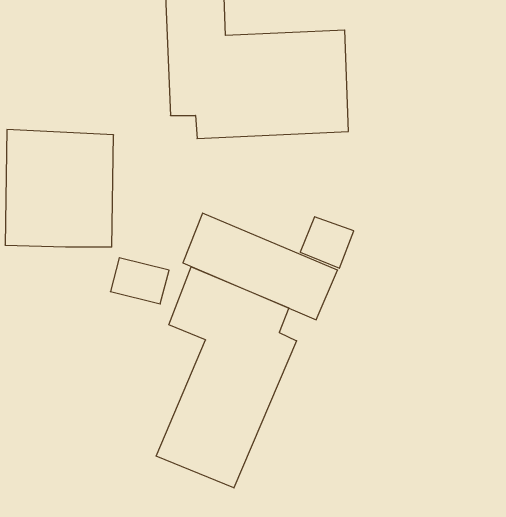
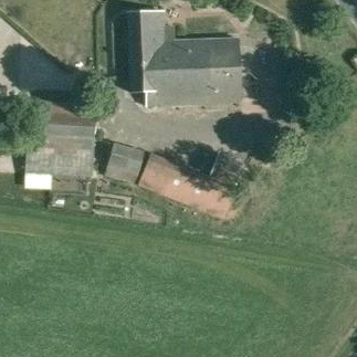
building: [110,258,169,304] -> [108,143,145,171]
building: [156,267,297,488] -> none

